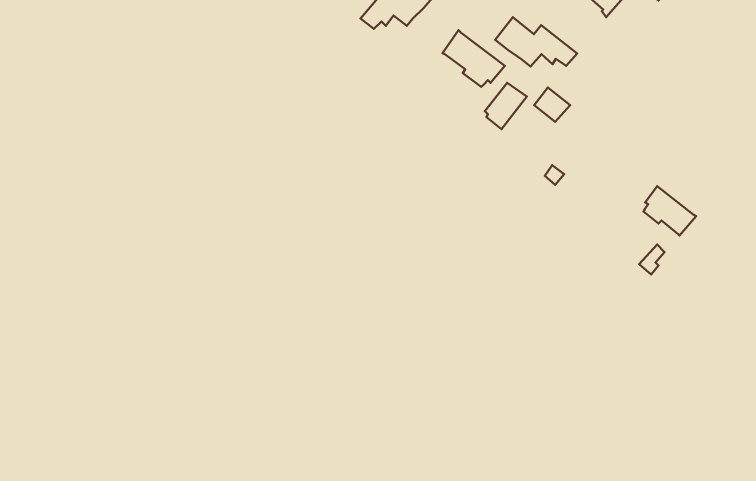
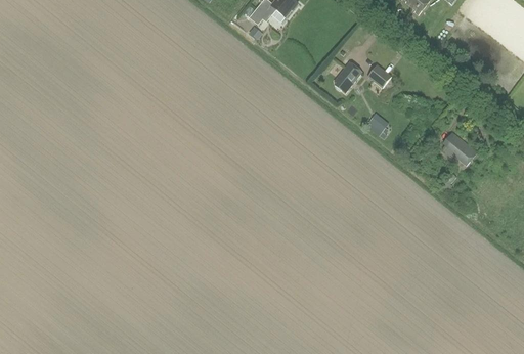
building: [495,17,577,67] -> none
building: [443,30,505,87] -> none

